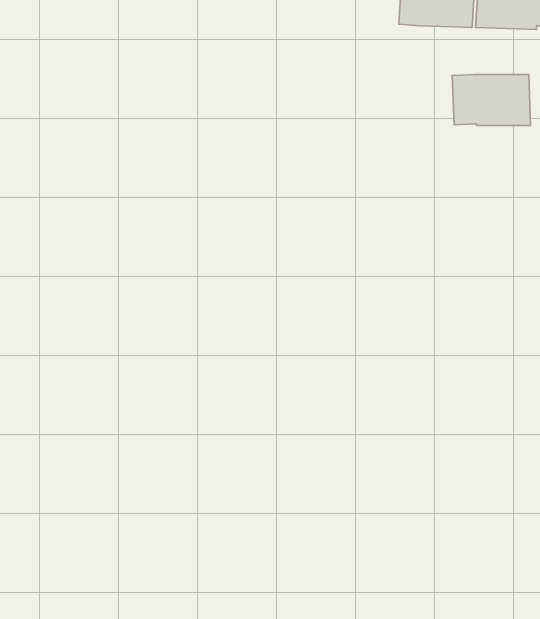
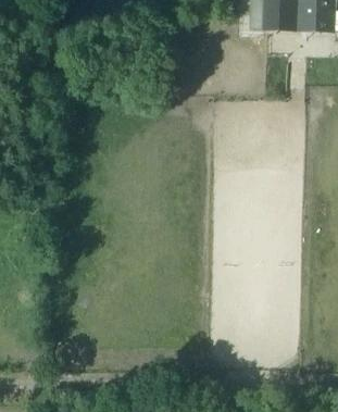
building: [452,74,531,126] -> none

